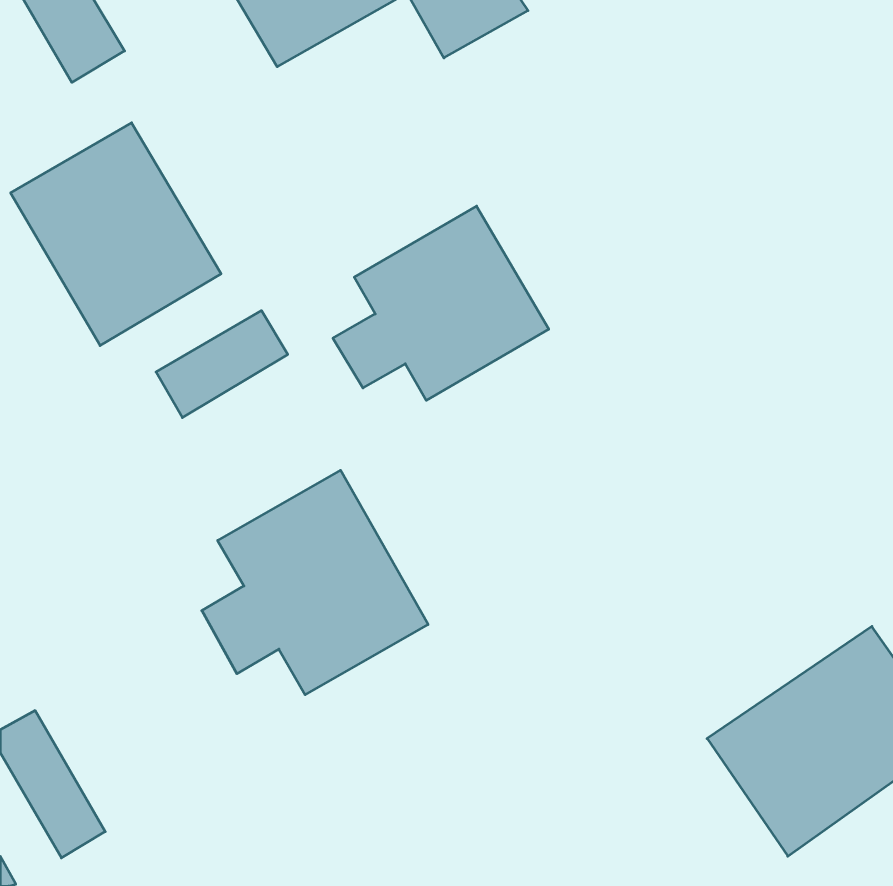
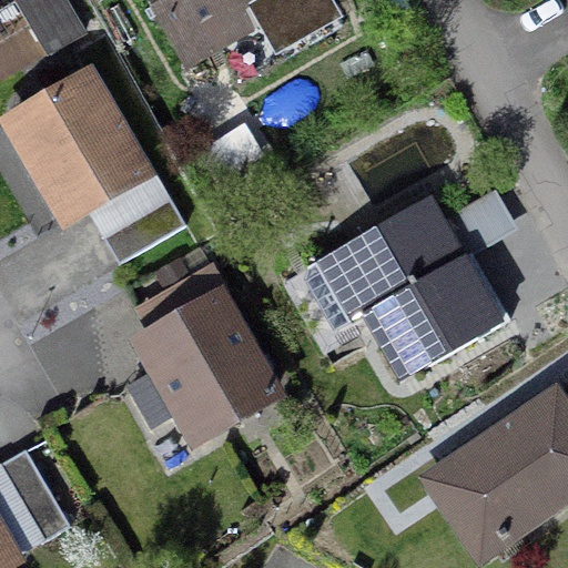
building: [333,206,549,400] -> none
building: none -> [283,199,509,374]

